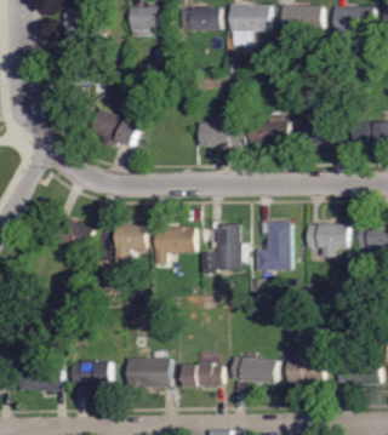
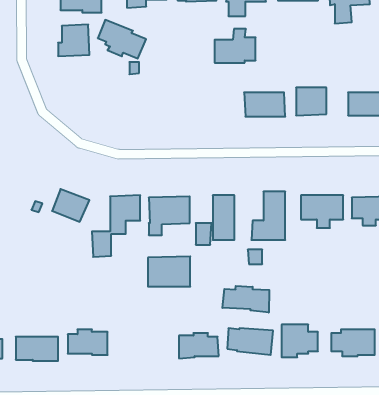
building: [92,109,141,148] -> [98,20,146,59]
building: [199,111,240,145] -> [215,29,256,63]
building: none -> [222,286,269,313]
building: [129,356,171,387] -> [148,256,190,287]

